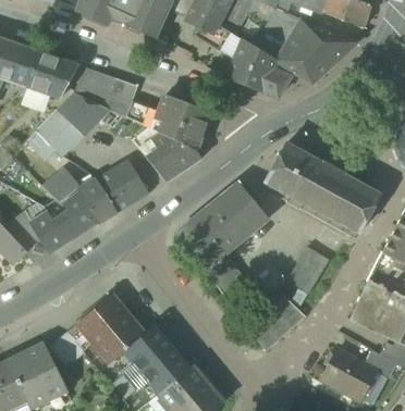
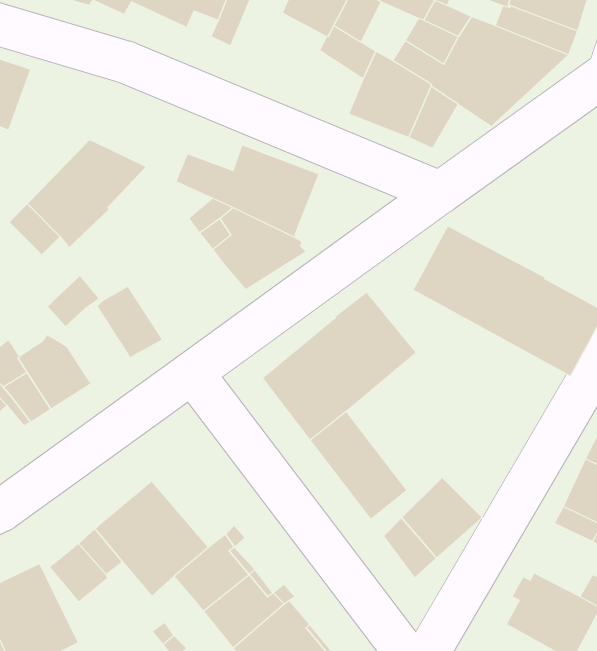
building: [26,50,78,98] -> none
building: [74,67,138,116] -> none
building: [97,160,148,210] -> none
building: [61,190,98,236] -> none
building: [287,245,330,292] -> none

